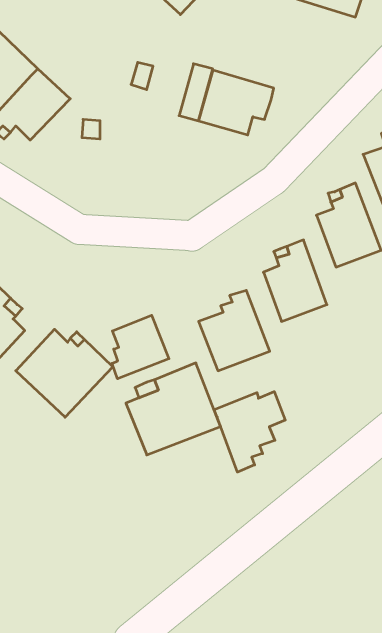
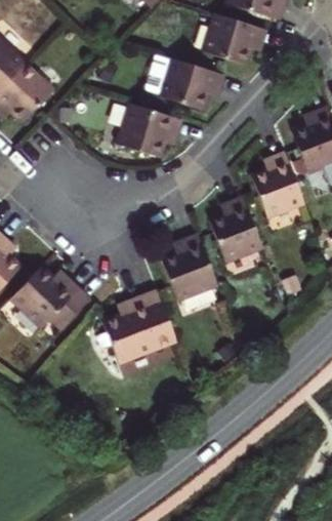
building: none -> [201,15,265,66]
building: none -> [101,101,179,157]
building: [112,315,169,379] -> none
building: [214,392,285,472] -> none

